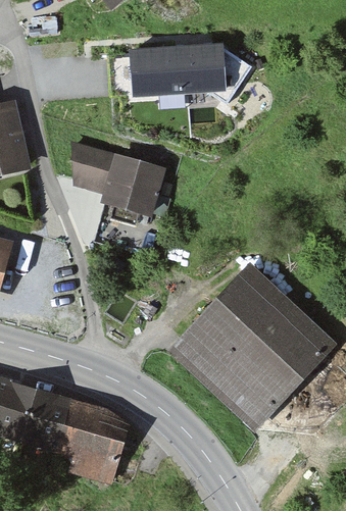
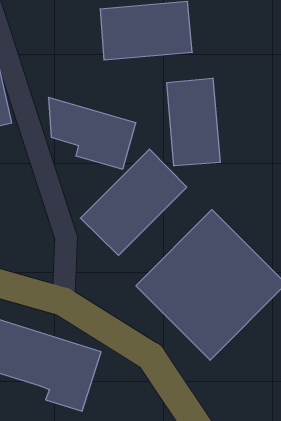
building: none -> [167,78,220,166]
building: none -> [80,149,187,255]

